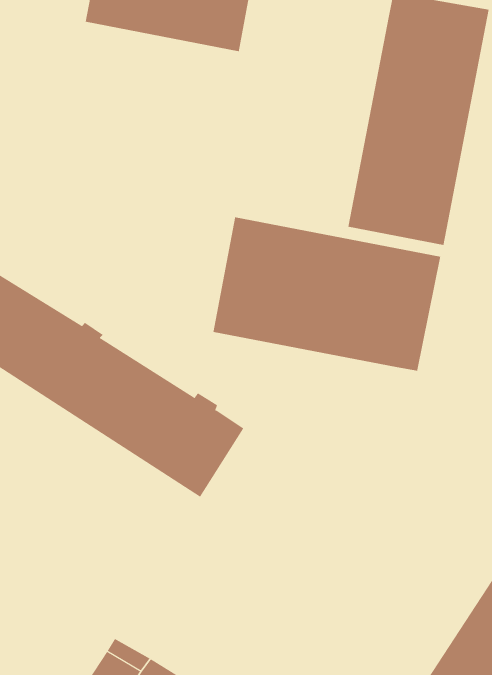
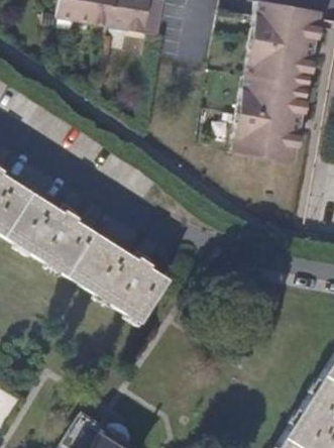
building: [213,217,441,372] -> none

